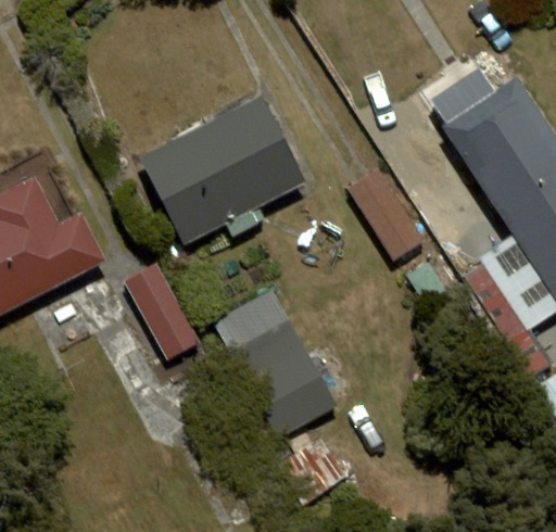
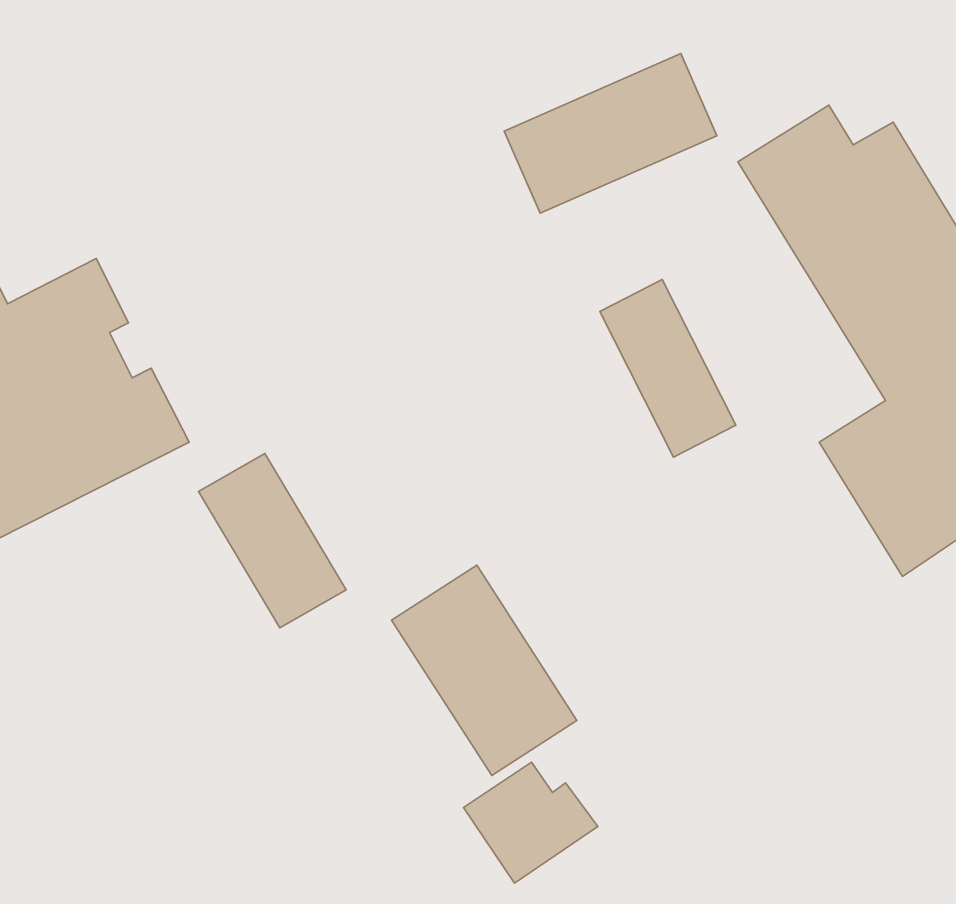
building: none -> [504,54,717,213]
building: [124,93,307,254] -> none

